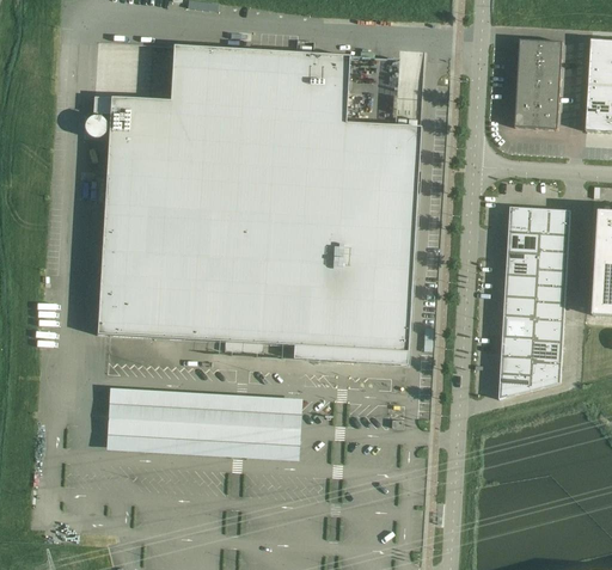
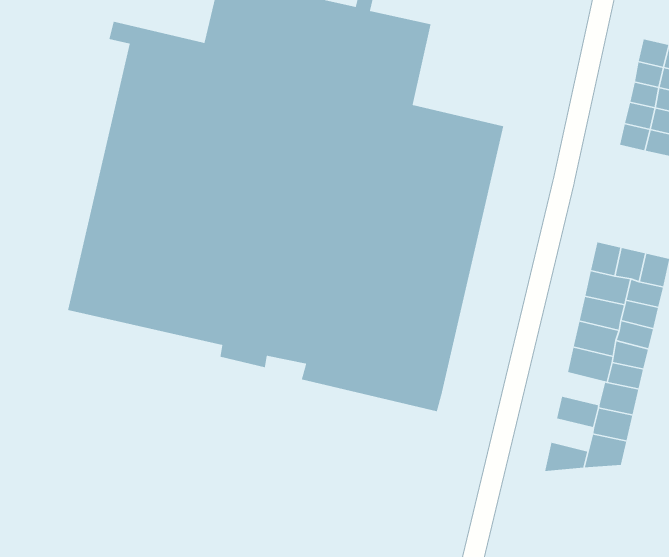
building: [502,315,534,337] -> none
building: [500,354,532,375] -> none
building: [104,387,300,459] -> none

